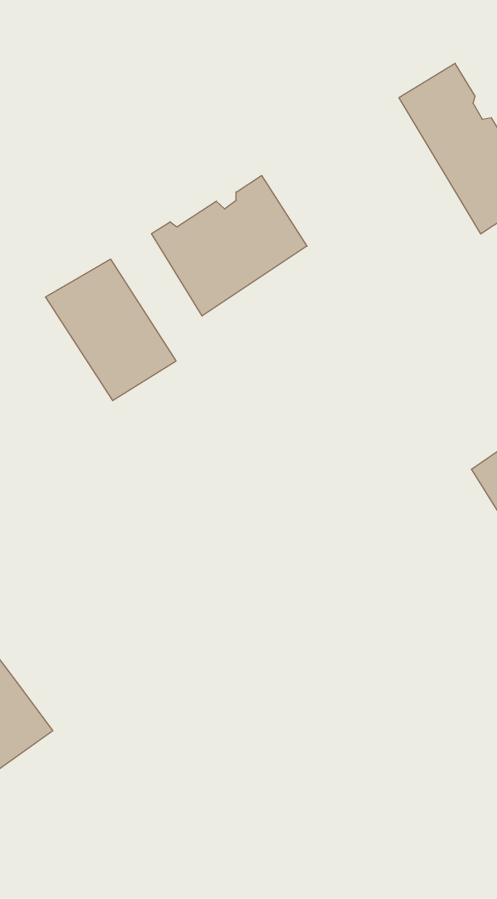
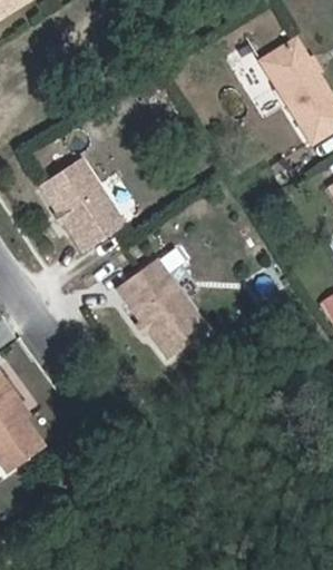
building: [152,176,307,316] -> none
building: none -> [116,258,207,355]

